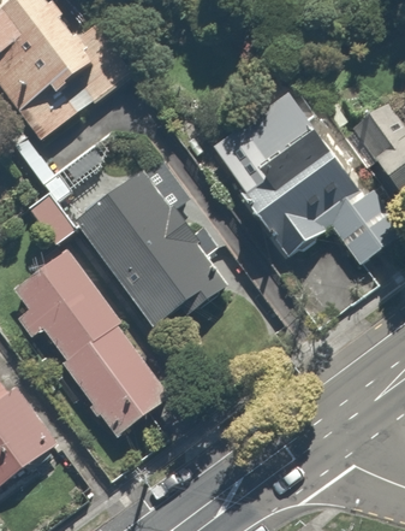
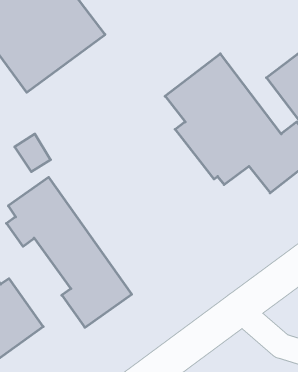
building: [72,165,231,338] -> none

